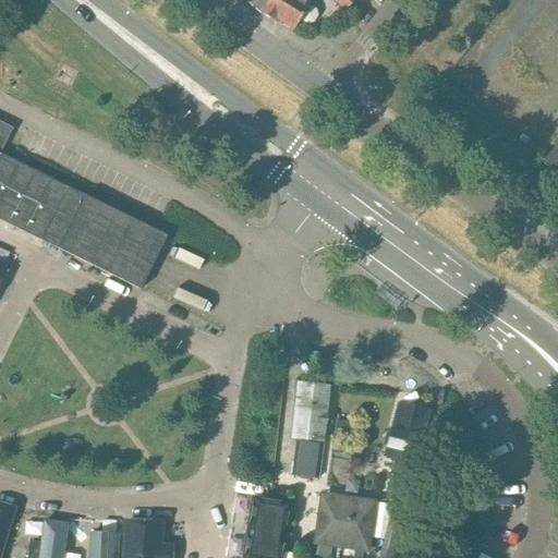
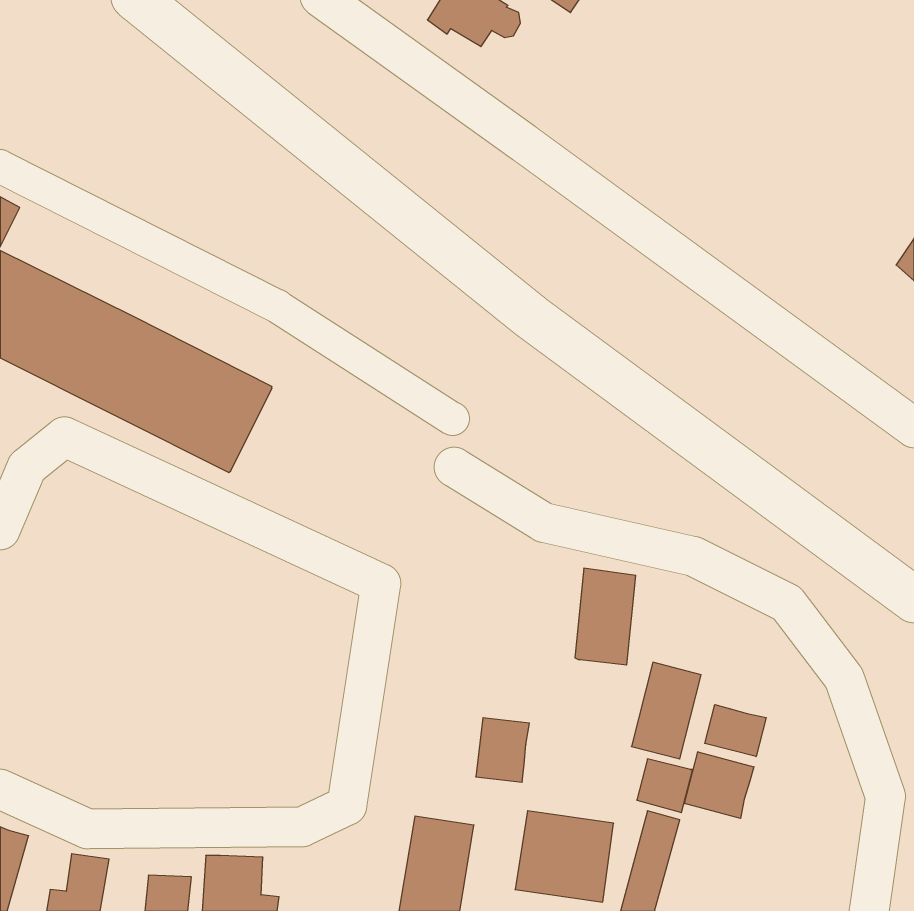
building: [291,381,328,440] -> [575,568,636,665]
building: none -> [705,705,766,757]
building: none -> [684,752,754,818]

